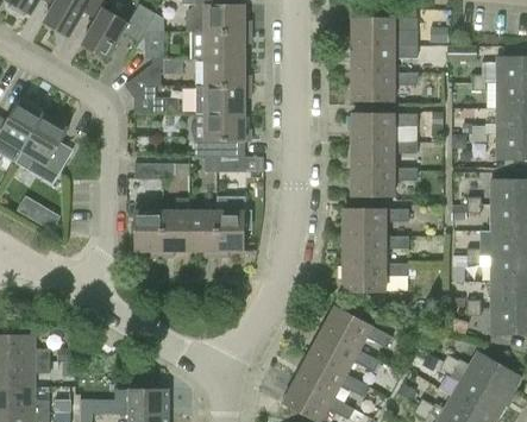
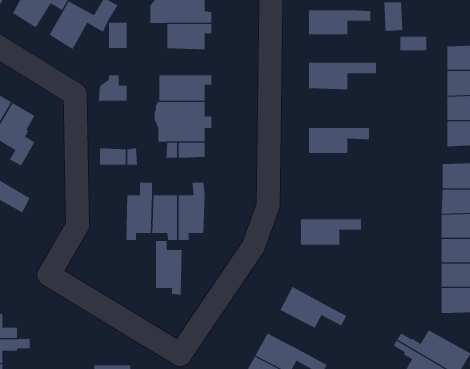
building: [352,44,418,73] -> none
building: [124,58,164,97] -> none
building: [196,58,252,86] -> none
building: [352,113,416,140] -> none
building: [352,168,416,196] -> none
building: [134,201,163,258] -> [155,240,182,295]
building: [344,208,409,235] -> none
building: [344,263,408,291] -> none
building: [309,330,379,373] -> none

